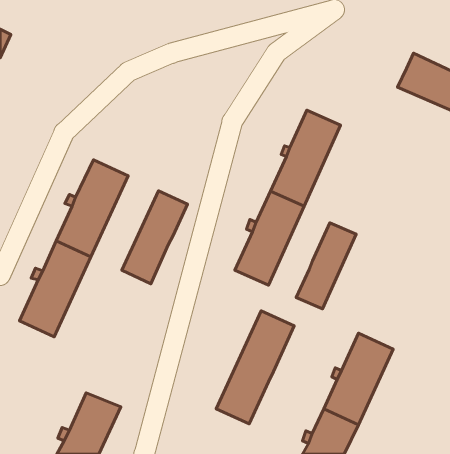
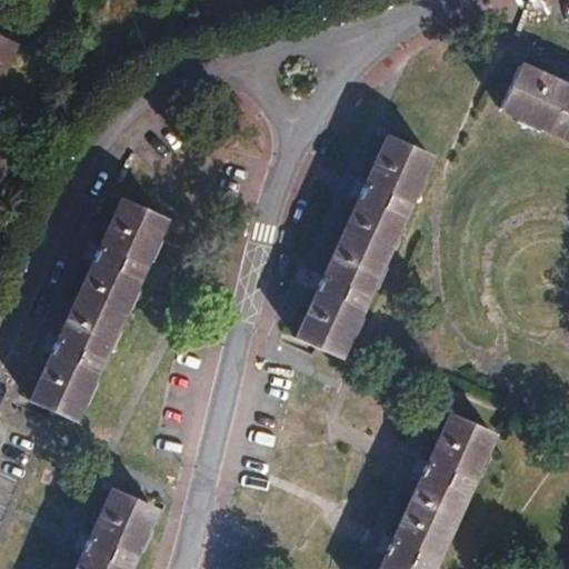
building: [122,191,187,284] -> none
building: [296,223,356,309] -> none
building: [216,311,294,424] -> none

